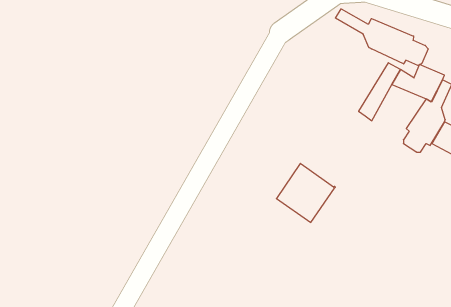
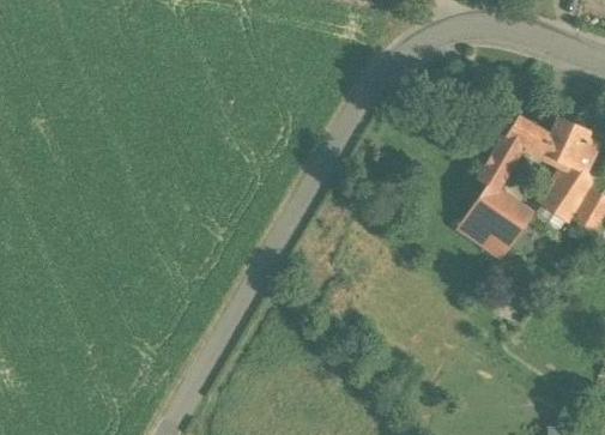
building: [335,9,428,65] -> none
building: [276,163,335,222] -> [459,180,533,254]

